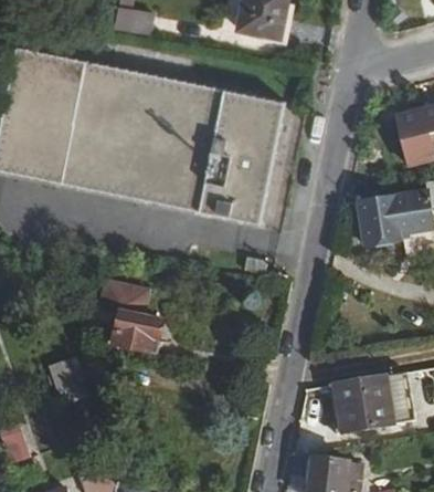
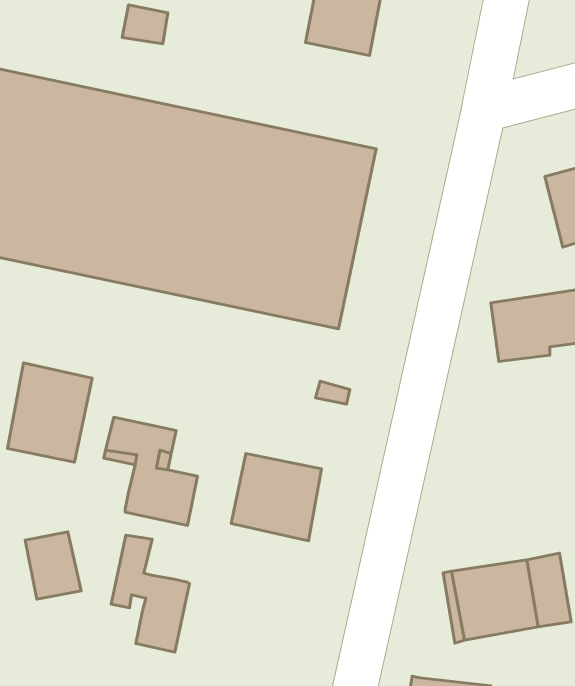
building: none -> [8,363,92,462]
building: none -> [231,454,322,541]
building: none -> [111,535,189,652]

